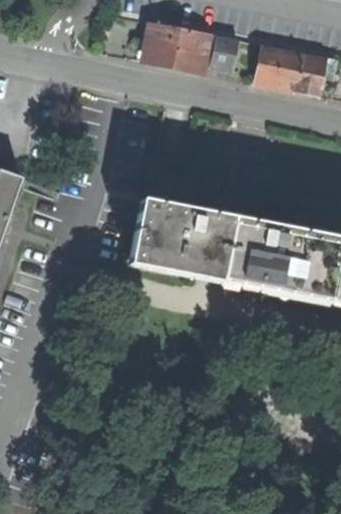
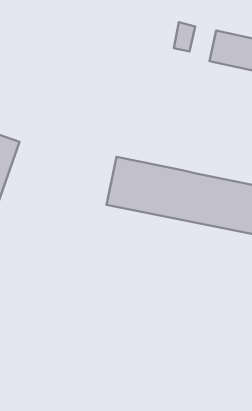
building: [140,21,208,71] -> none

